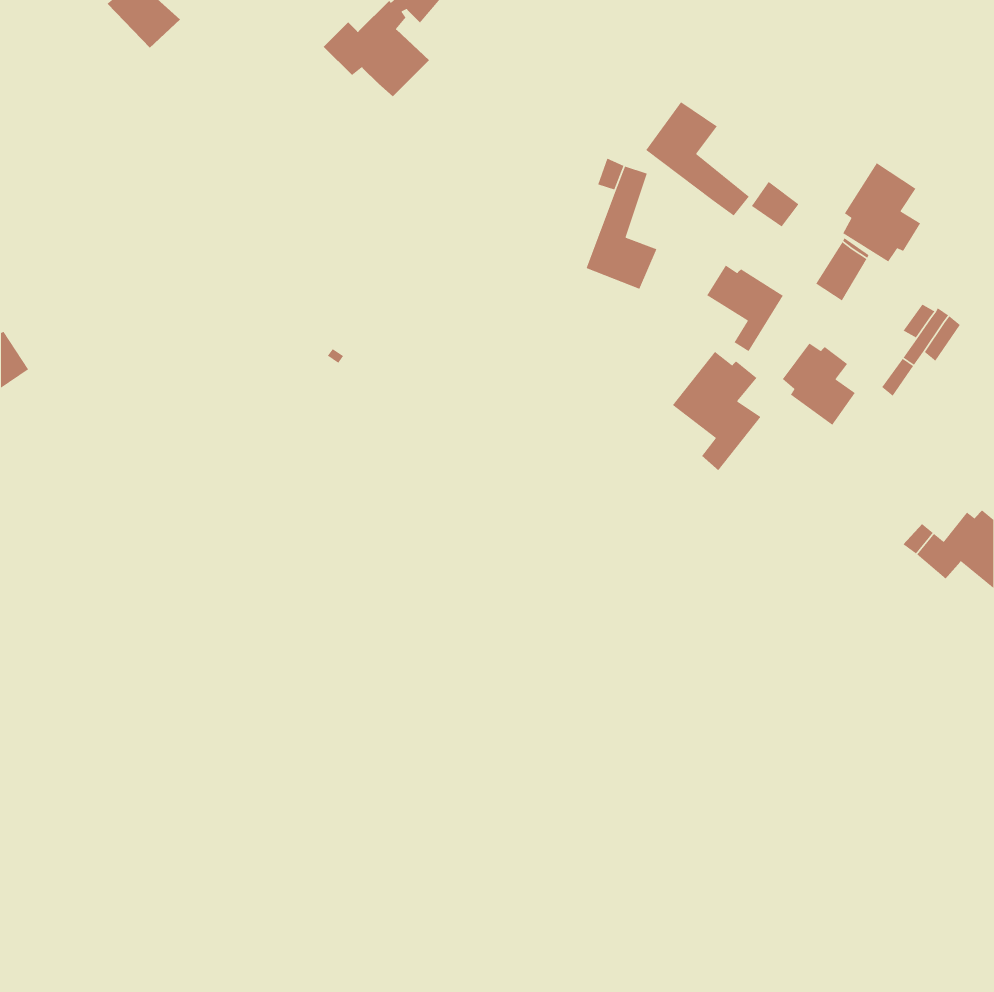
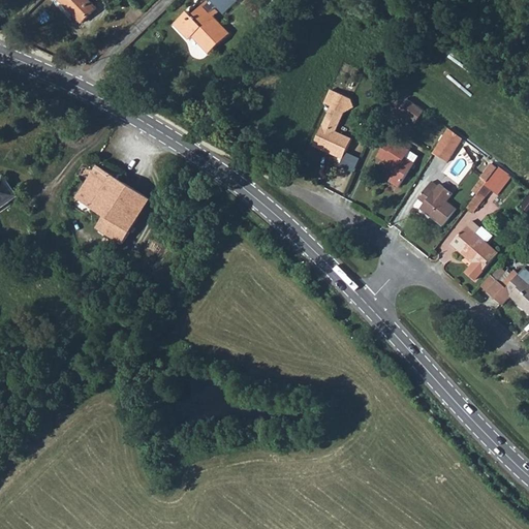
building: [645,101,750,217] -> none
building: [842,162,921,262] -> none
building: none -> [75,165,152,243]
building: [672,351,761,471] -> [449,218,497,282]

